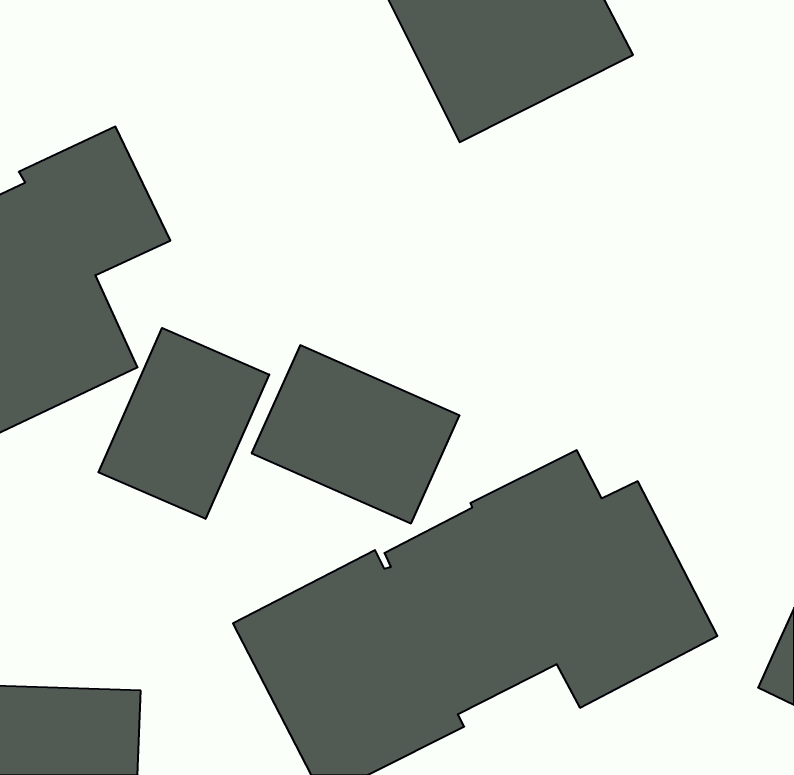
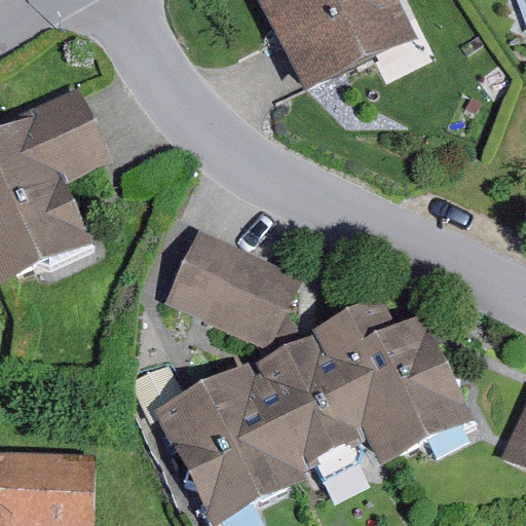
building: [98,328,269,519] -> none

